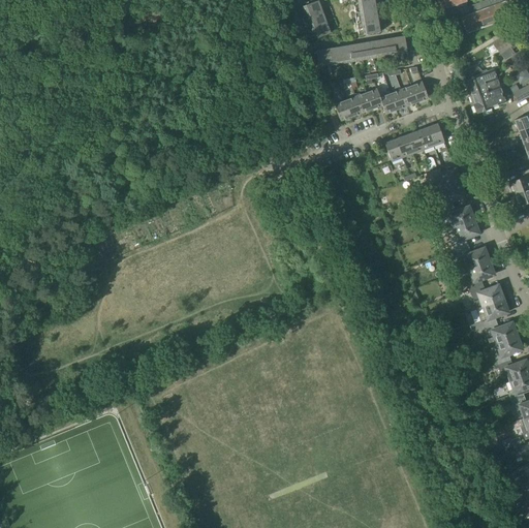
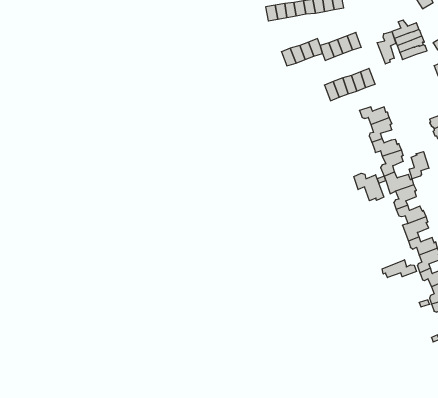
building: none -> [377,31,396,64]
building: none -> [409,152,429,179]
building: none -> [354,173,384,201]
building: none -> [382,260,416,278]

